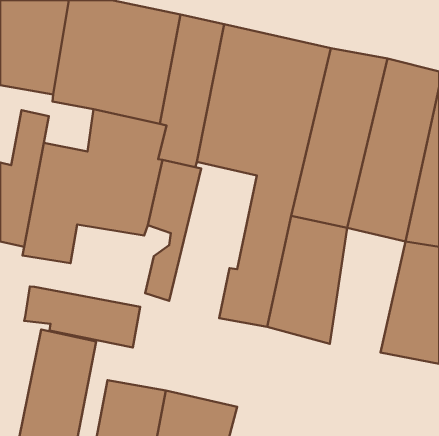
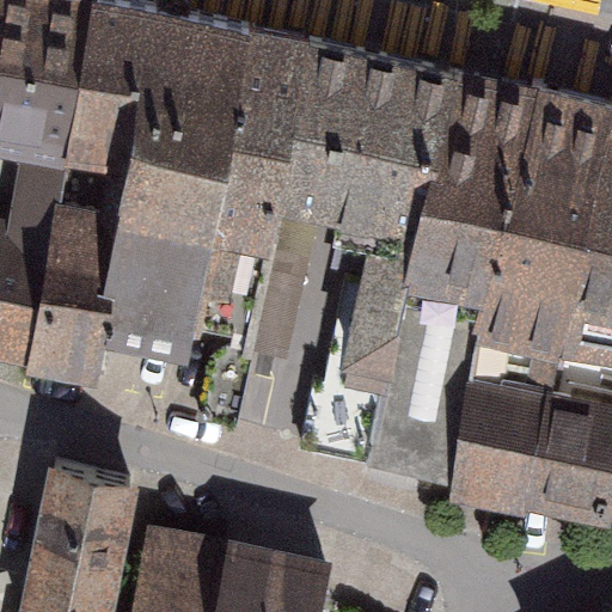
building: none -> [459,322,564,495]
building: [24,286,140,347] -> none

